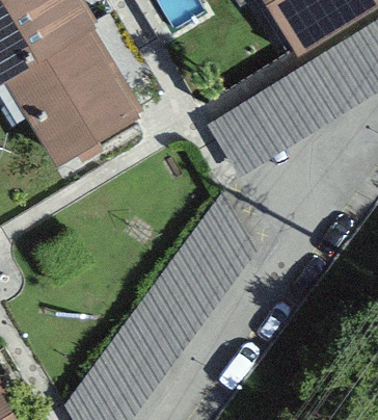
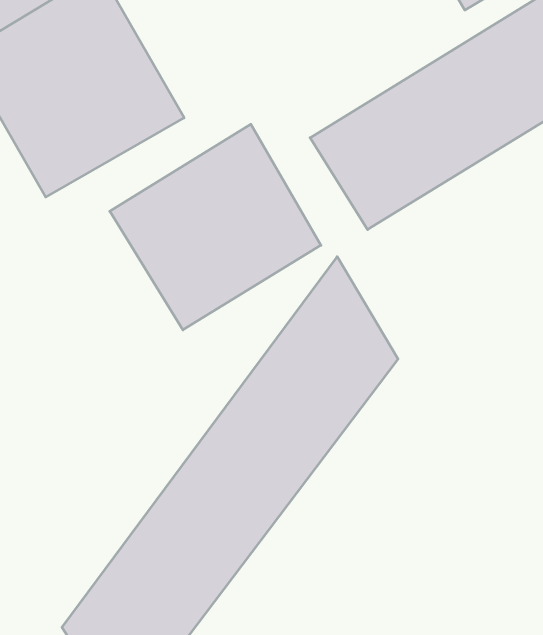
building: none -> [110,124,321,330]

